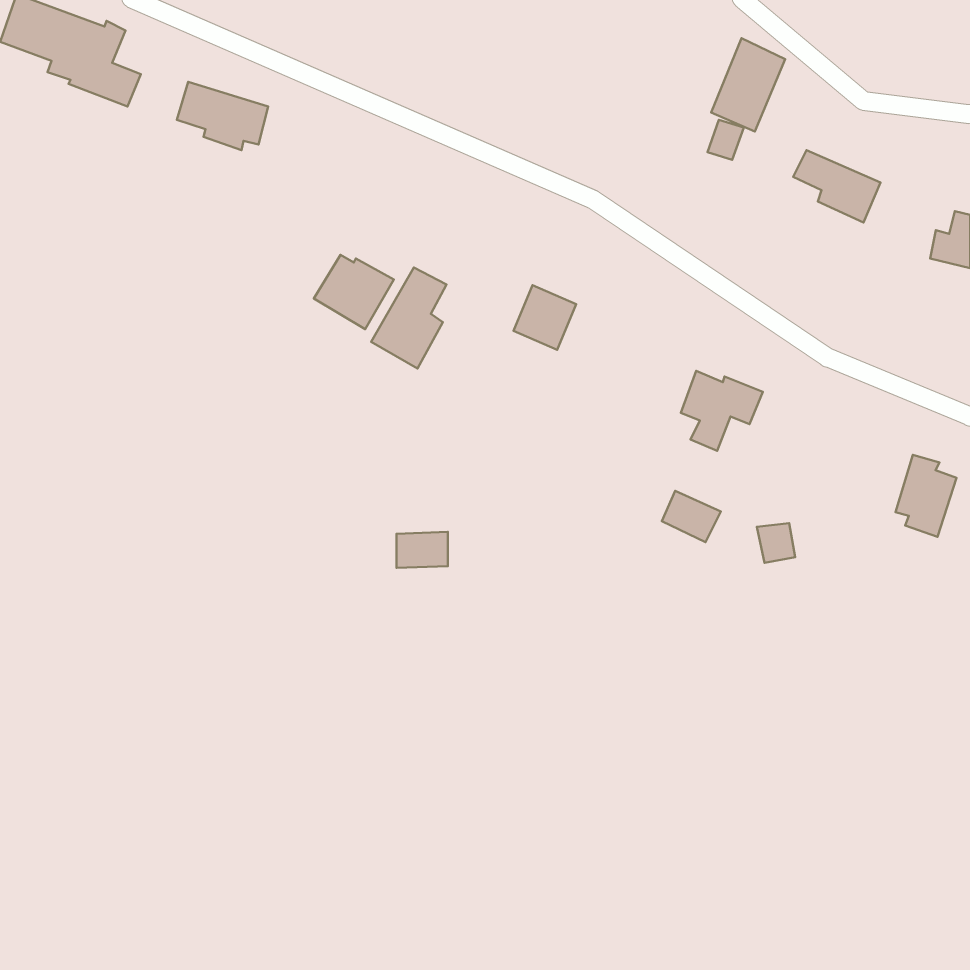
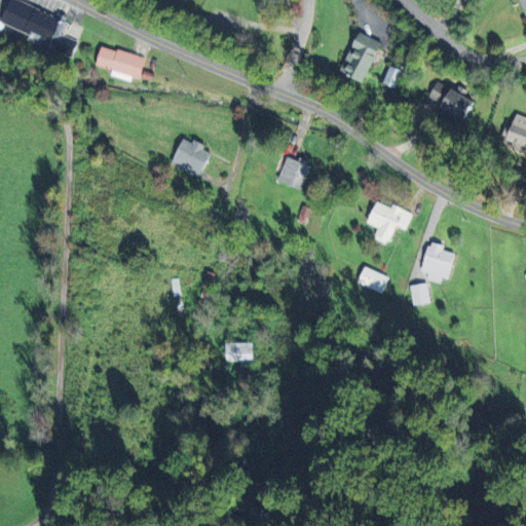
building: [711,38,785,131] -> [342,31,382,81]
building: [371,268,446,369] -> none
building: [896,455,957,537] -> [421,240,454,285]
building: [396,532,448,568] -> [225,341,253,361]

